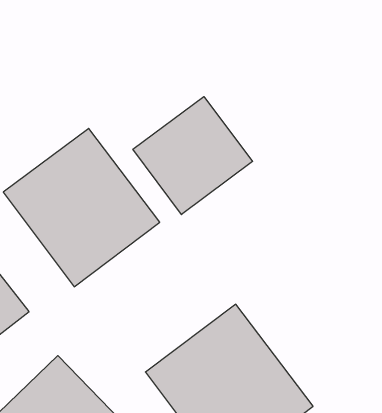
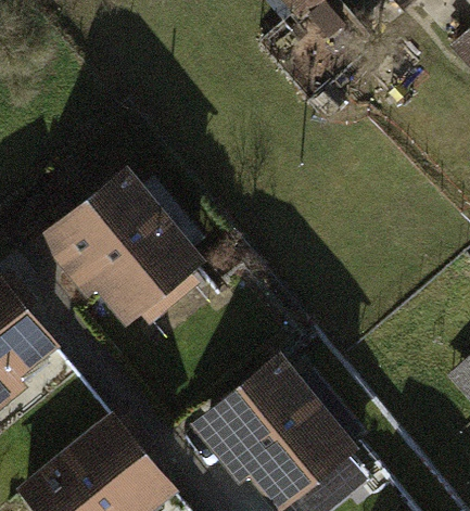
building: [133,97,253,215] -> none

